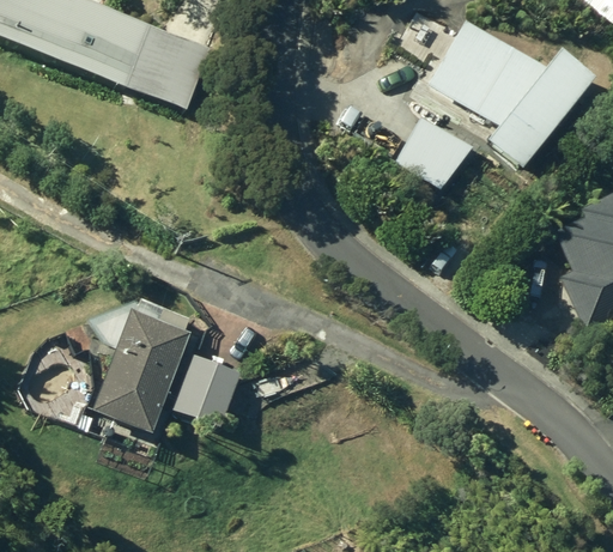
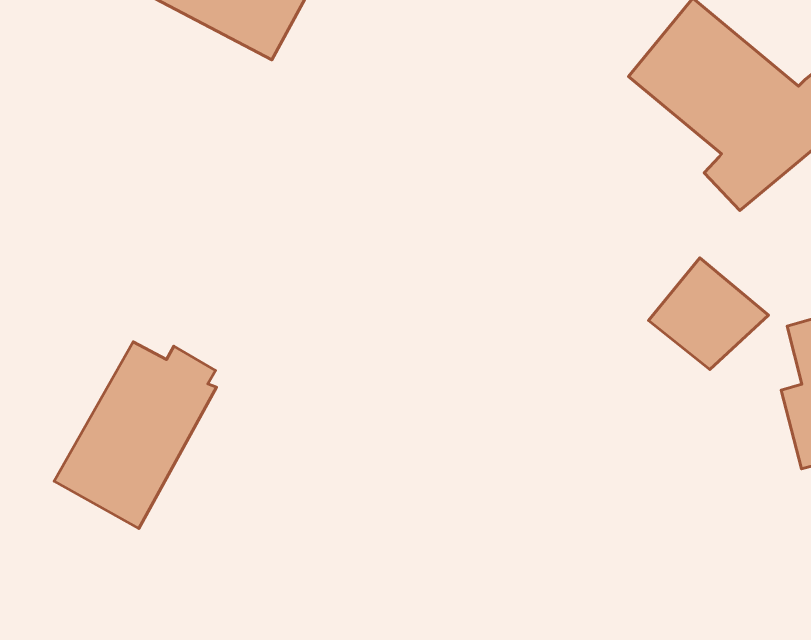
building: [394,116,473,189] -> [649,258,769,369]
building: [178,348,247,421] -> none

